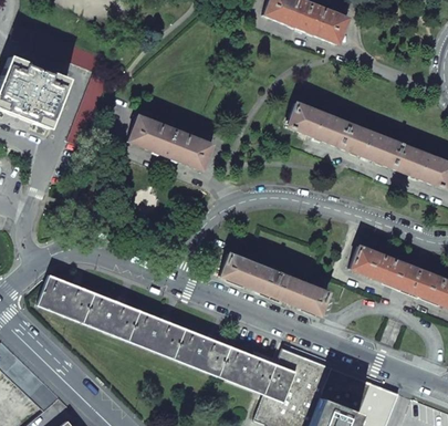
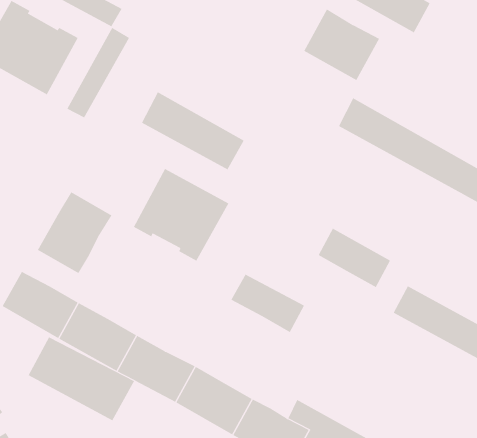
building: none -> [304,9,380,81]
building: none -> [133,168,229,261]
building: none -> [37,192,112,274]
building: [270,272,329,315] -> [318,228,391,288]
building: none -> [28,336,135,421]

